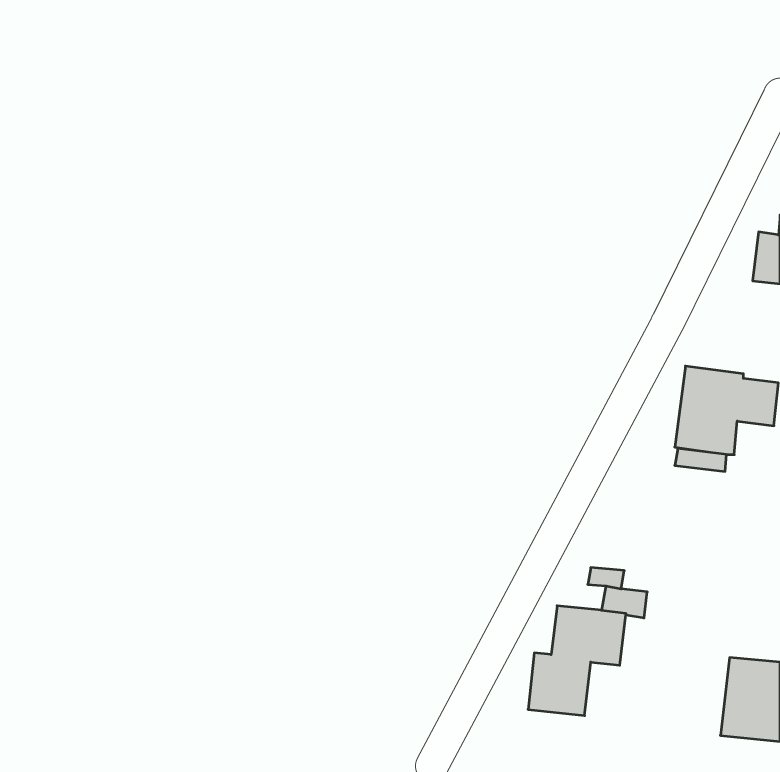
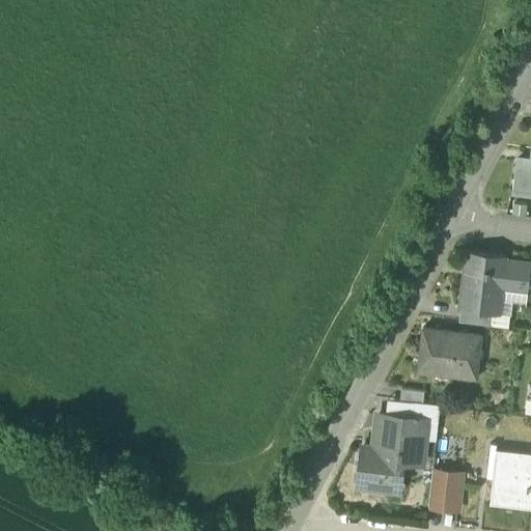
building: none -> [419,331,481,379]
building: none -> [427,471,462,512]

